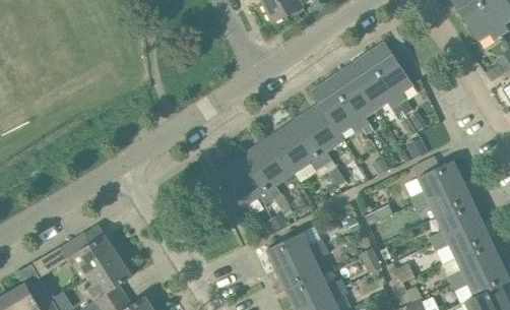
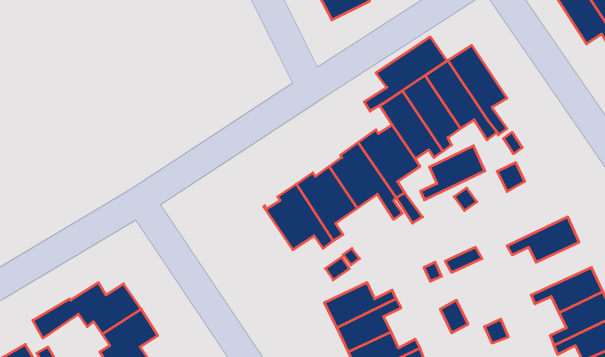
building: none -> [364,37,447,111]
building: [410,160,462,203] -> [421,146,485,200]
building: [429,200,482,243] -> none

